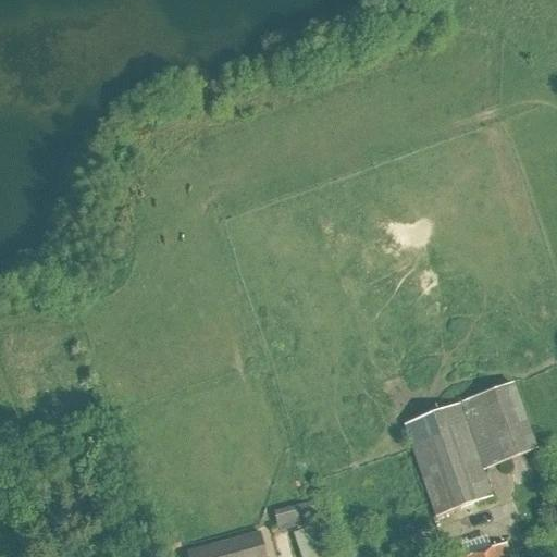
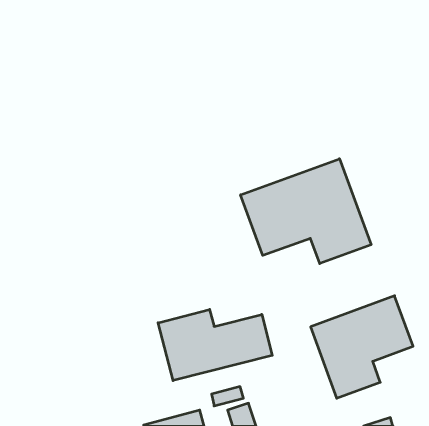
building: none -> [241,159,371,264]
building: none -> [158,309,272,381]

